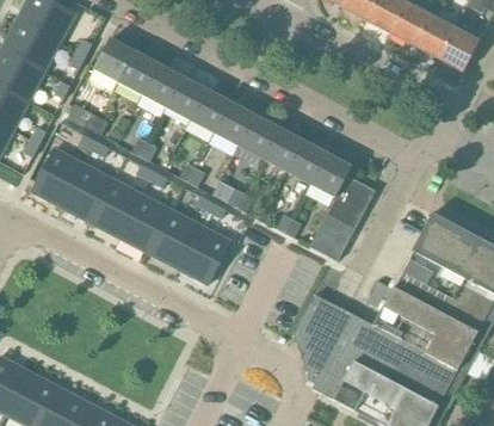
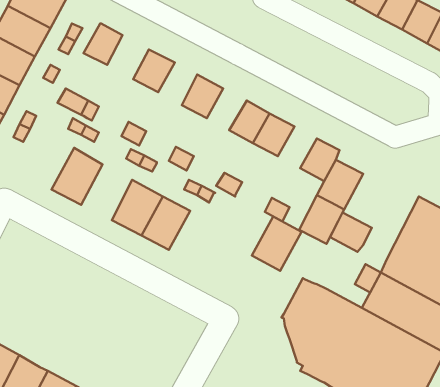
building: [117,50,159,94] -> none
building: [168,78,208,121] -> none
building: [217,104,258,146] -> none
building: [289,142,328,184] -> none
building: [32,149,84,205] -> none
building: [91,180,142,236] -> none
building: [179,227,229,282] -> [252,216,302,271]
building: none -> [330,213,372,252]

